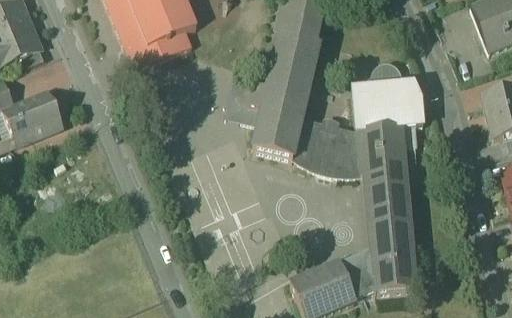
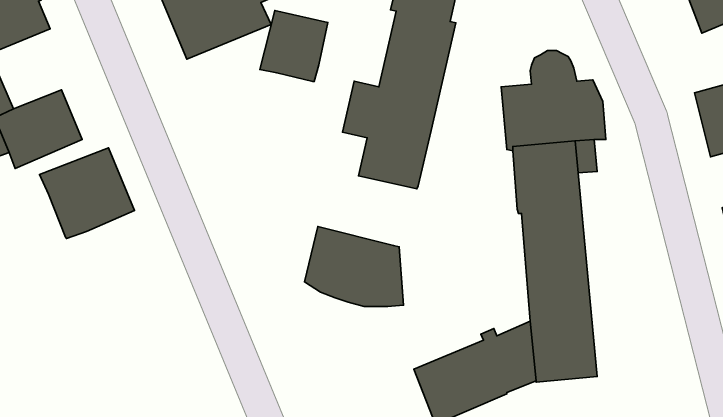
building: none -> [260,10,328,82]
building: [293,119,361,174] -> [305,227,404,307]
building: none -> [40,148,134,238]

